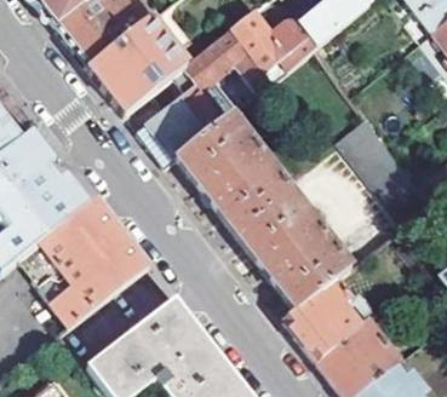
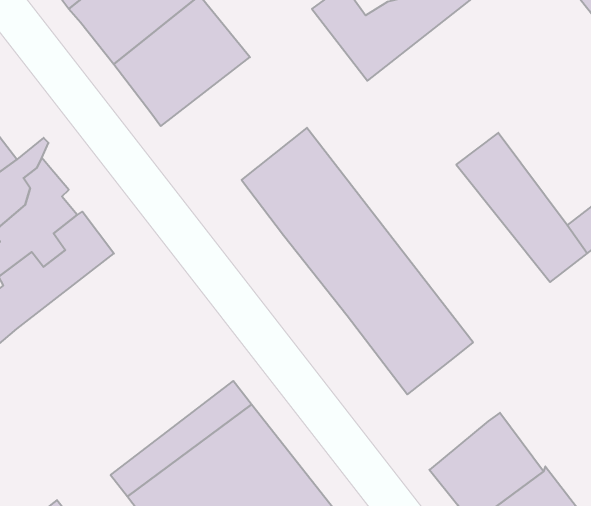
building: [148,28,273,157] -> none
building: [19,197,150,324] -> none
building: [286,280,360,361] -> none

